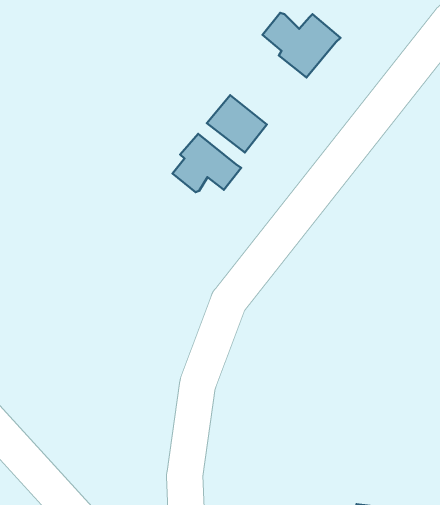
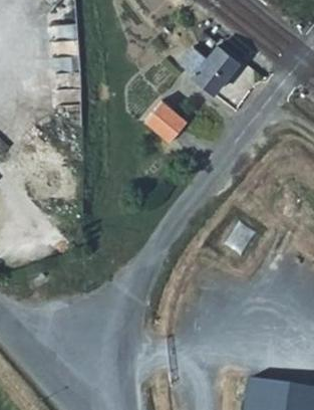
building: [173,134,241,192] -> none

